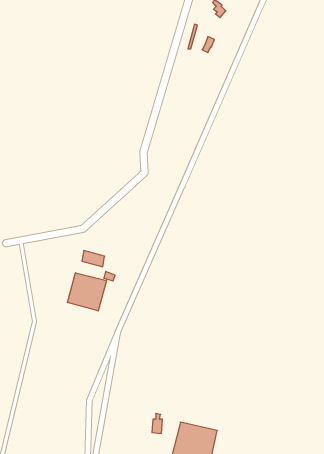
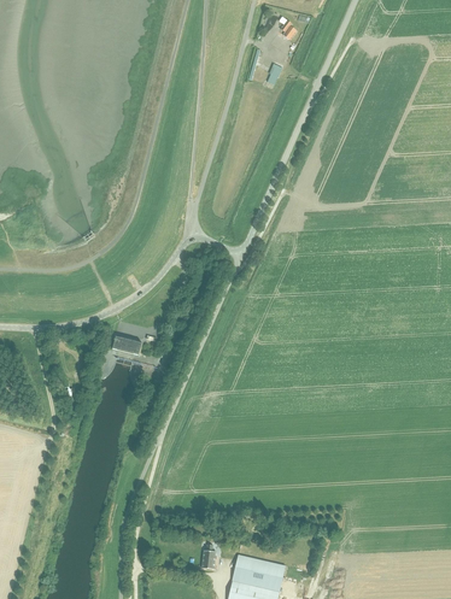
building: [68,273,106,311] -> none

